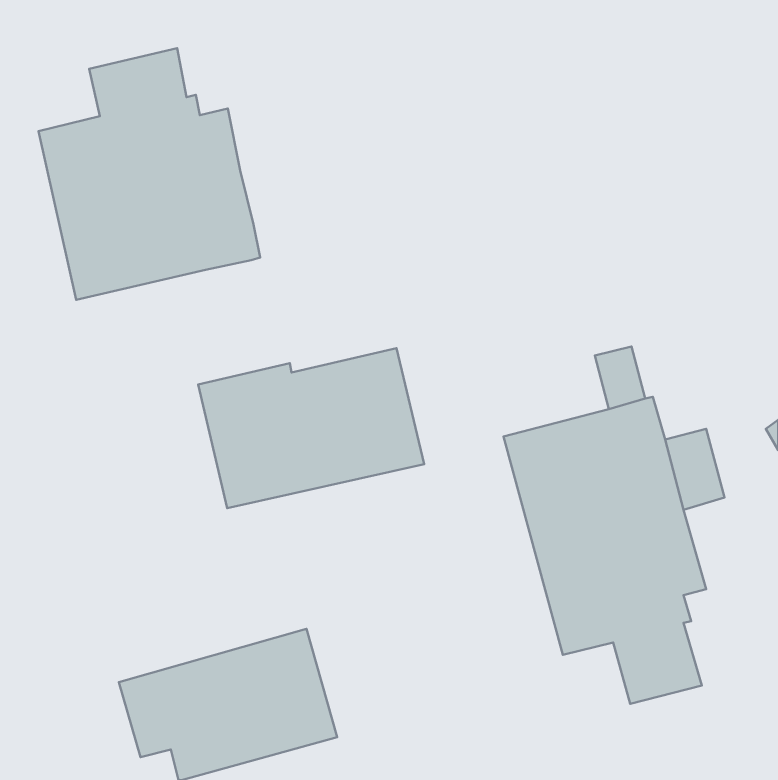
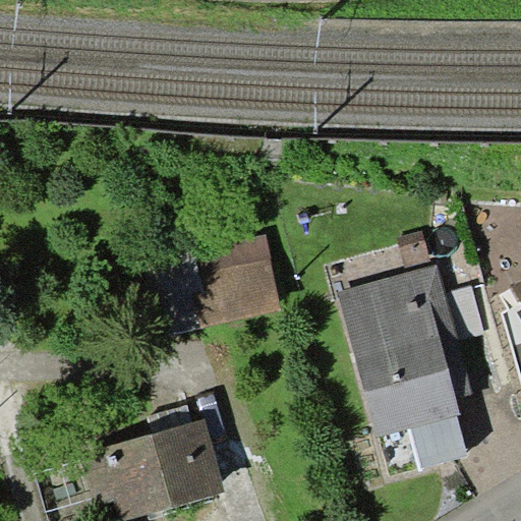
building: [38,48,260,300] -> none

